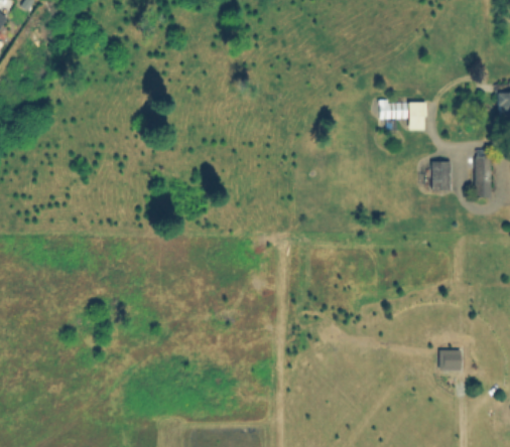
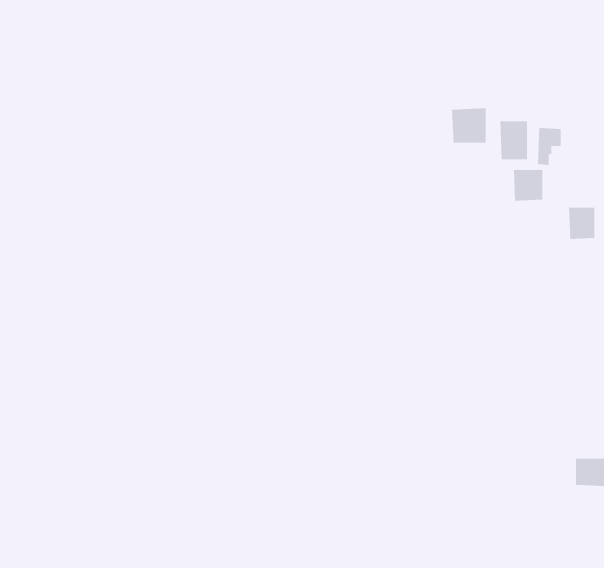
building: none -> [452,108,486,143]
building: none -> [513,169,543,202]

